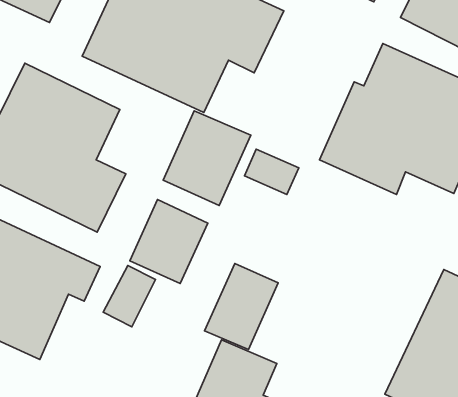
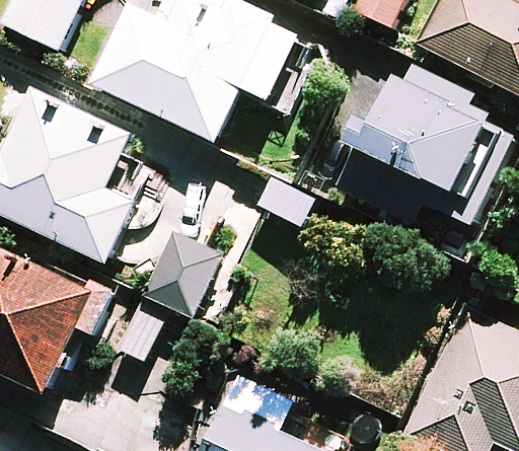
building: [163,111,251,205] -> none
building: [204,263,278,350] -> none

